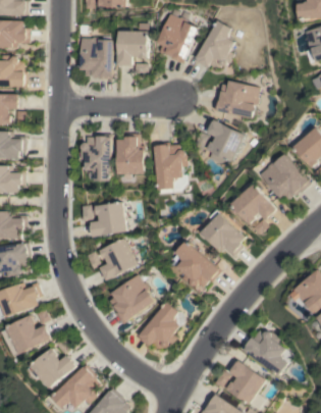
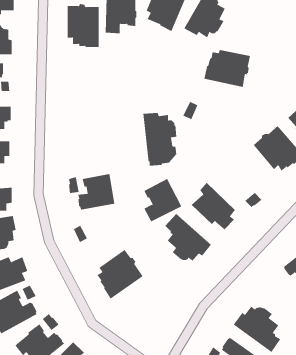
building: [206,119,244,164] -> none
building: [79,134,110,180] -> none
building: [116,134,144,173] -> none
building: [230,183,275,224] -> none
building: [99,238,137,280] -> [143,178,182,222]
building: [137,301,182,350] -> none

